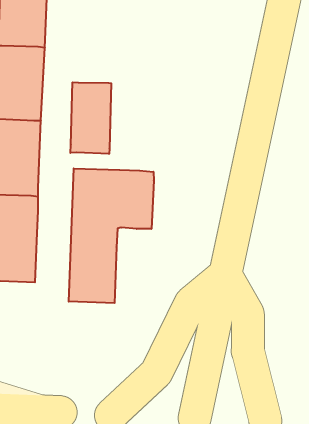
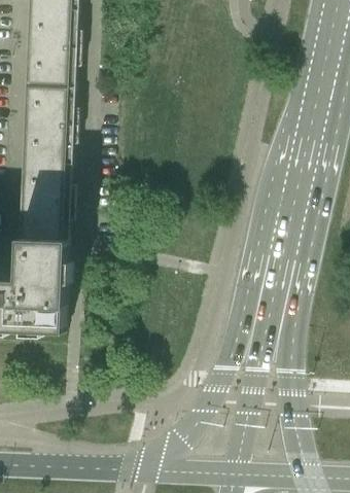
building: [70,82,111,154] -> none
building: [69,168,154,303] -> none

